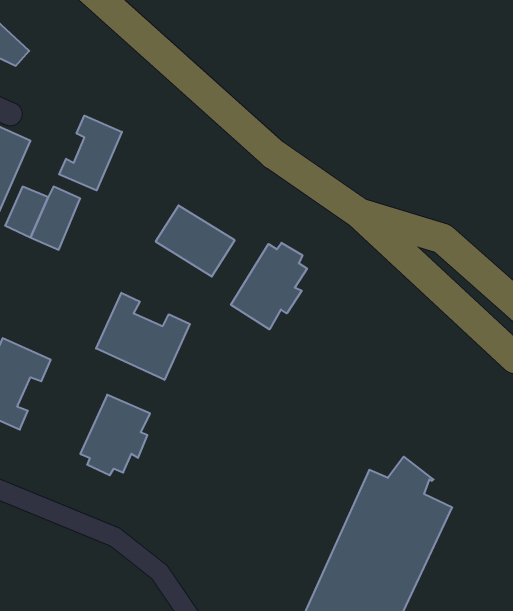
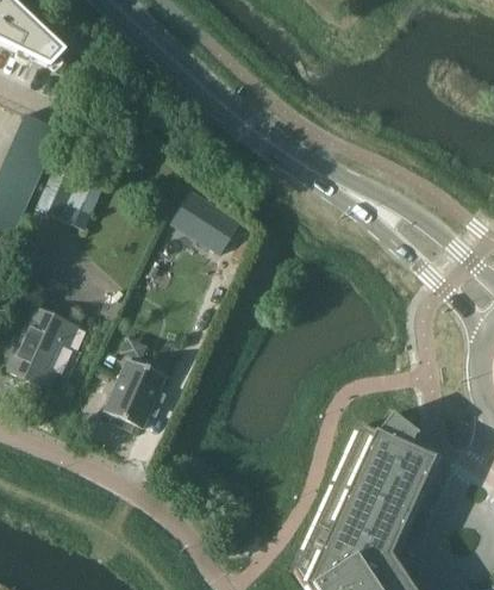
building: [59,116,122,190] -> none
building: [231,243,307,329] -> none
building: [96,293,190,380] -> none

